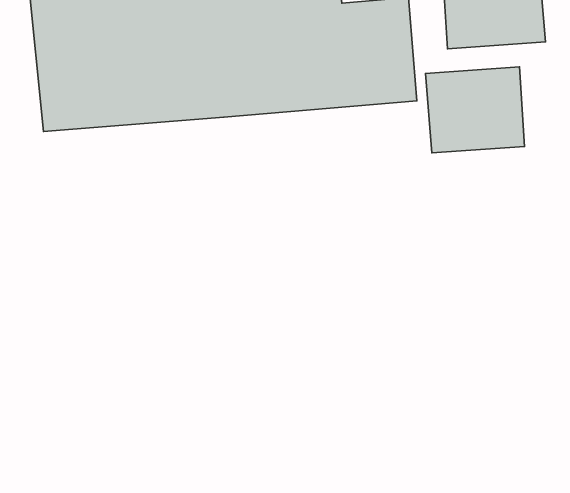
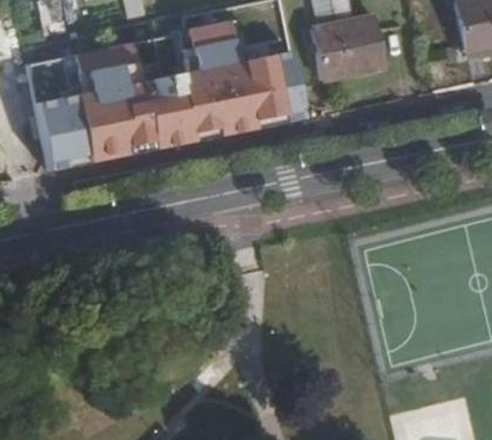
building: [425,67,524,153] -> none

